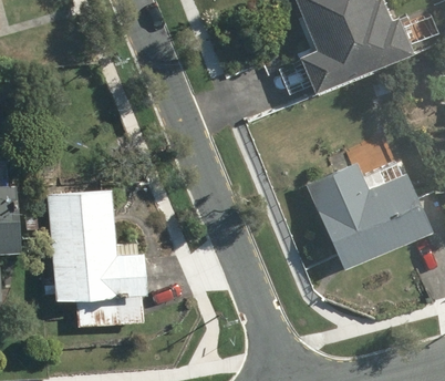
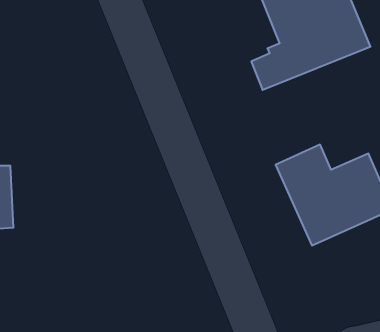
building: [48,189,145,329] -> none

